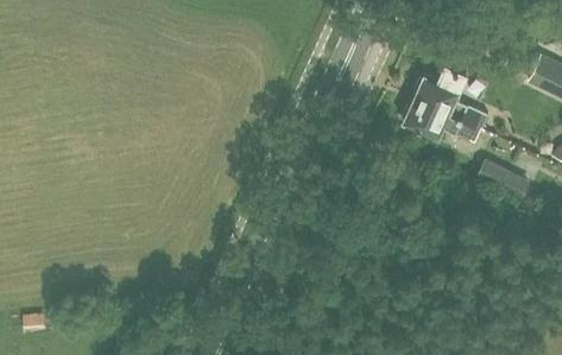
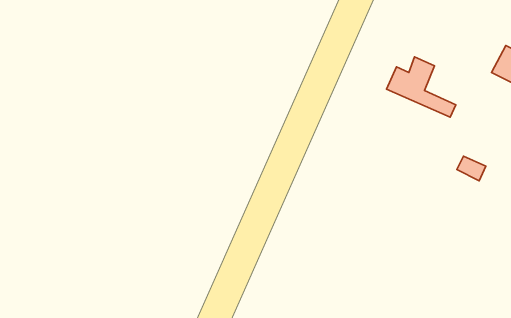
building: [403,100,480,144] -> none

